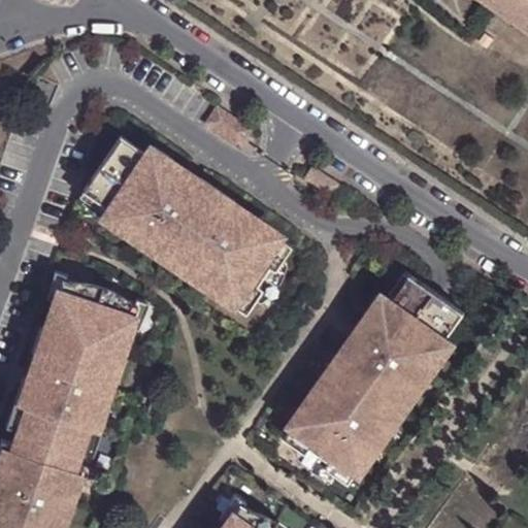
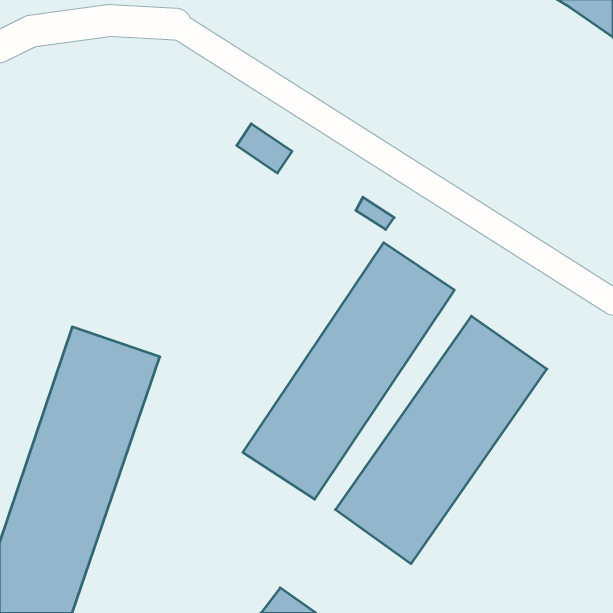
building: [77,134,290,314] -> none
building: none -> [243,243,454,499]

